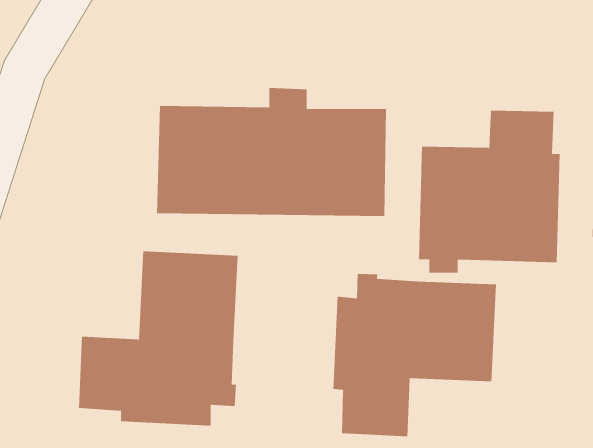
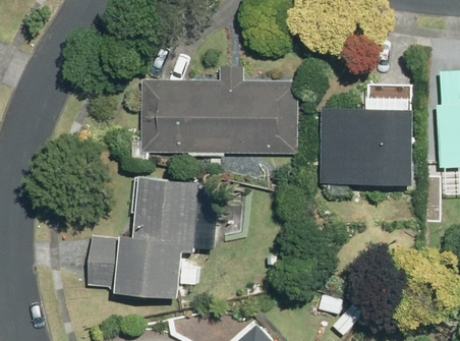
building: [333,273,497,437] -> none

